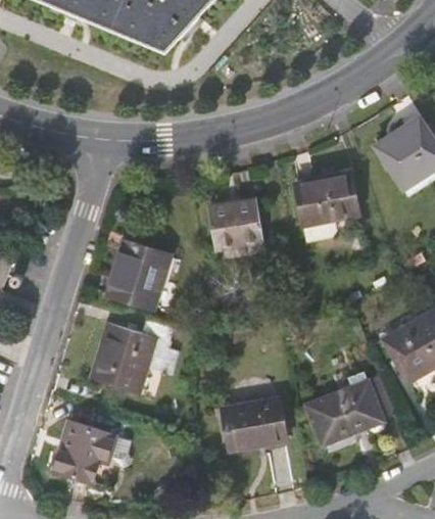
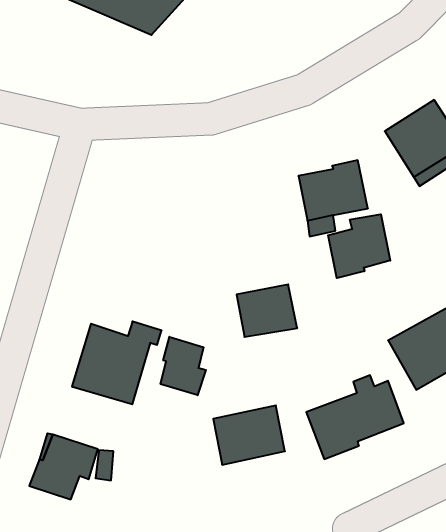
building: [209,198,264,246] -> [237,284,297,337]
building: none -> [328,214,390,278]
building: [106,248,165,306] -> none
building: none -> [161,337,206,395]

